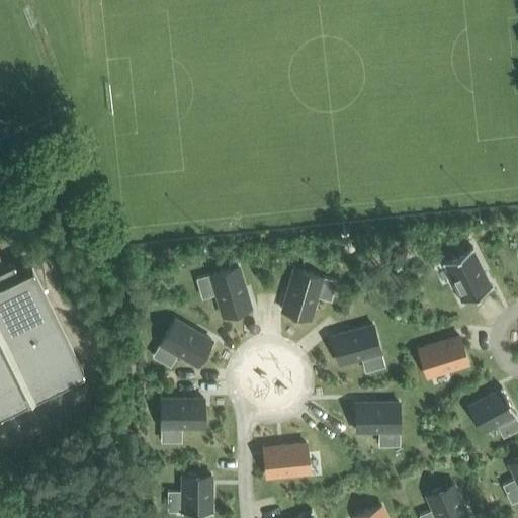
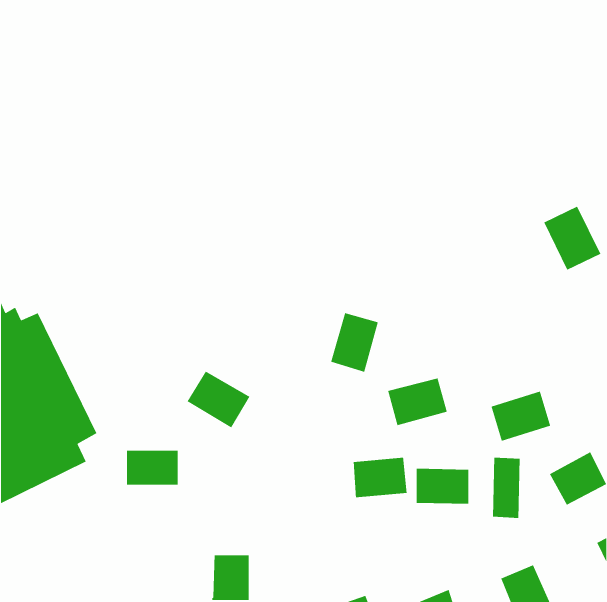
building: [443,250,493,306] -> [543,206,601,271]
building: [209,267,252,319] -> none
building: none -> [492,457,521,519]
building: [160,400,204,430] -> [126,450,178,485]
building: [263,444,310,480] -> [353,457,407,498]

